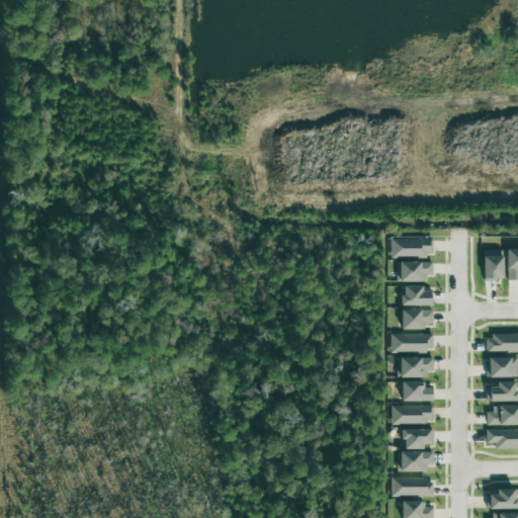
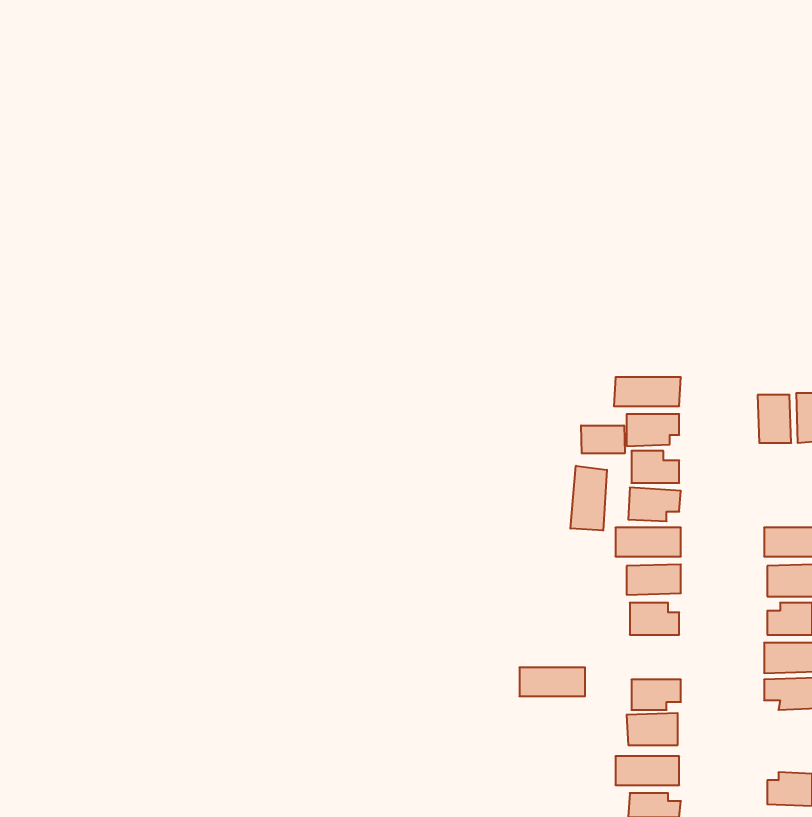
building: none -> [581,425,625,453]
building: none -> [570,466,607,531]
building: [393,406,434,424] -> [519,667,585,696]

